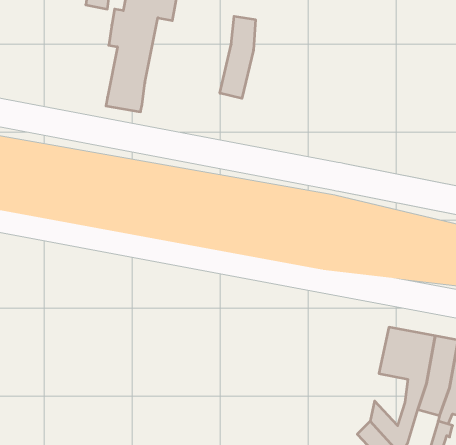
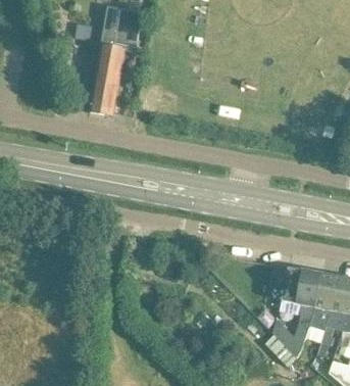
building: [220,16,255,98] -> none

